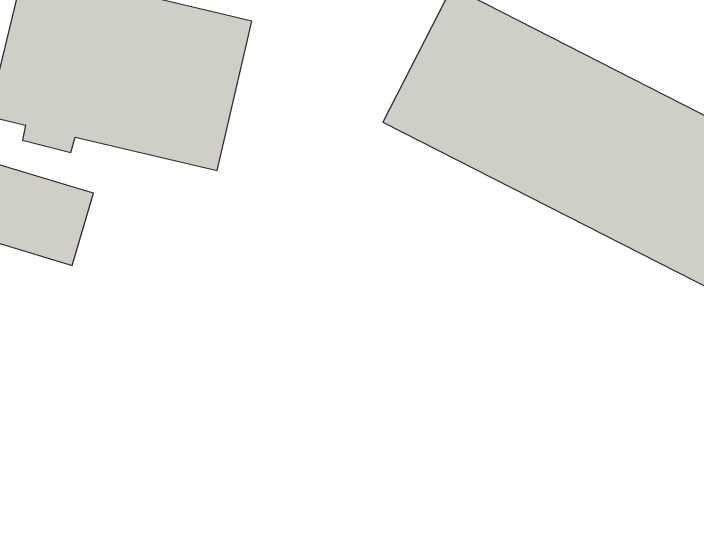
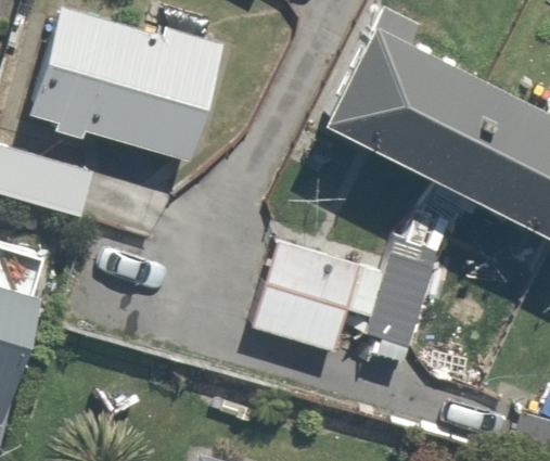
building: none -> [256,239,452,369]

